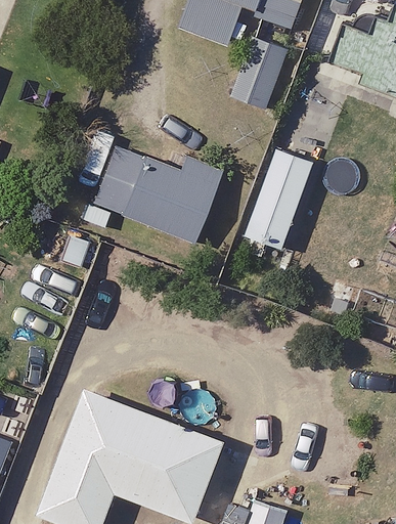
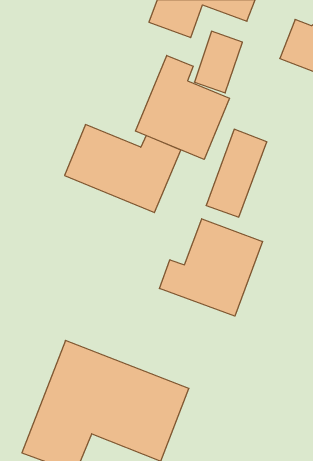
building: none -> [136,55,230,159]
building: none -> [159,219,263,316]

